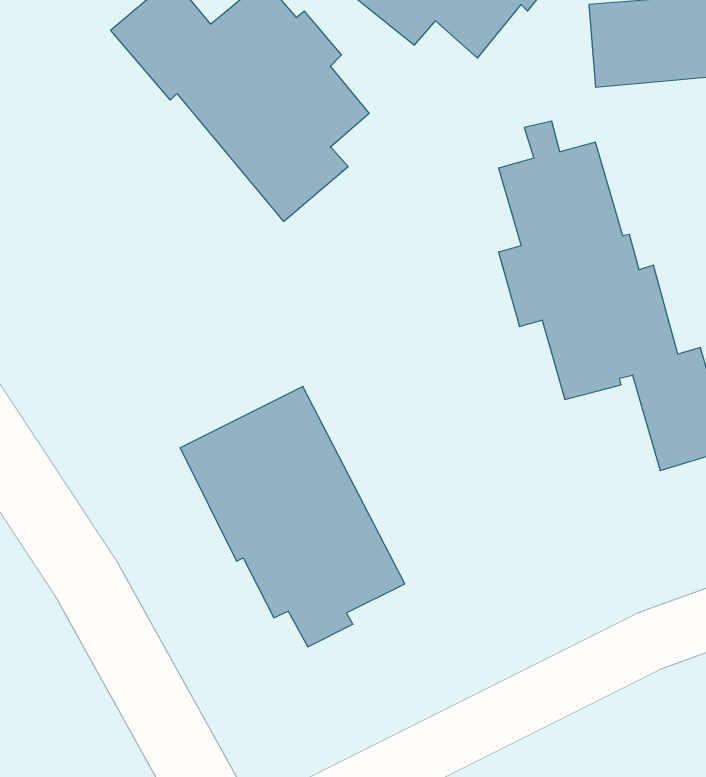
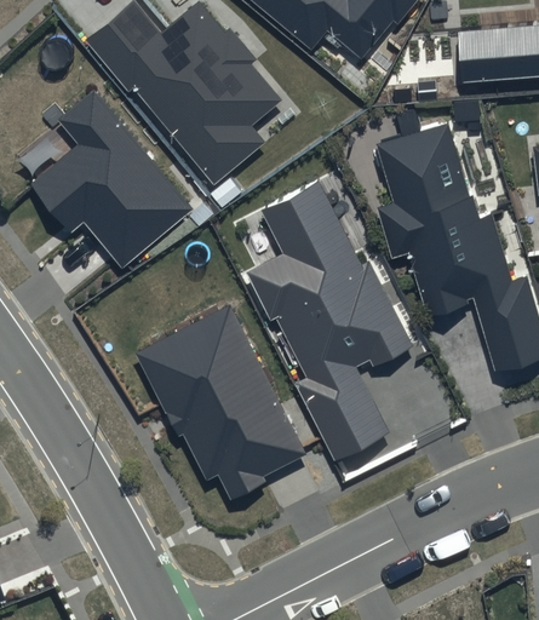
building: none -> [33,92,191,268]
building: none -> [246,182,414,460]

